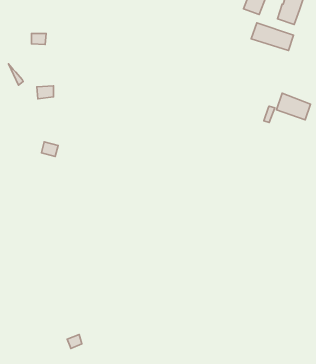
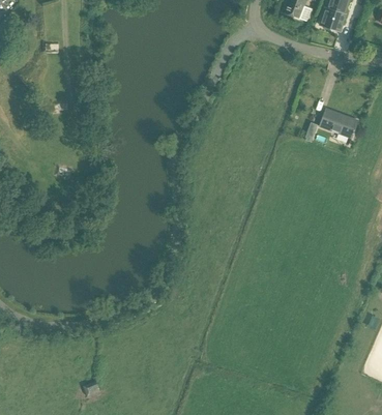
building: [251,23,294,50] -> none

